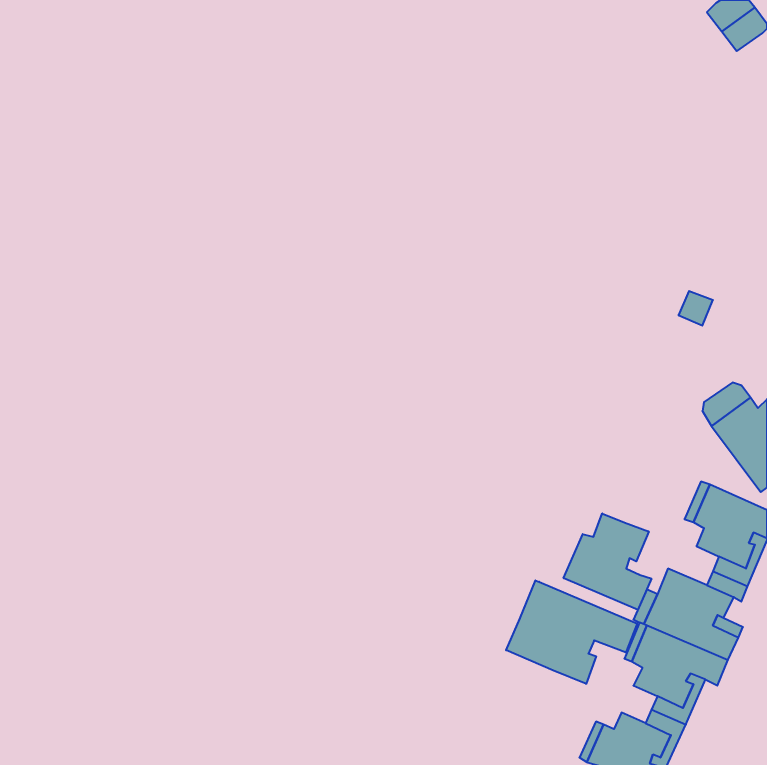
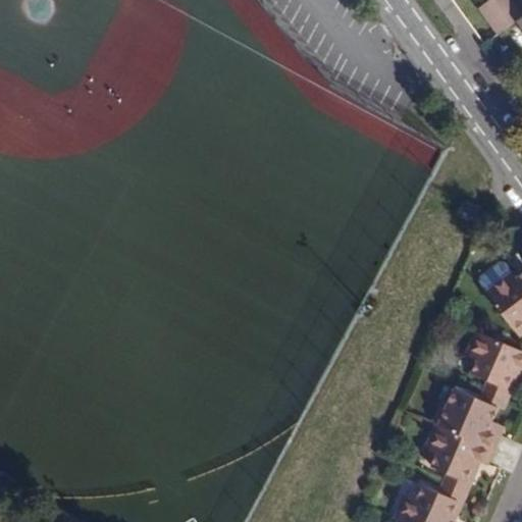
building: [564,513,651,610] -> none
building: [506,580,637,684] -> none

